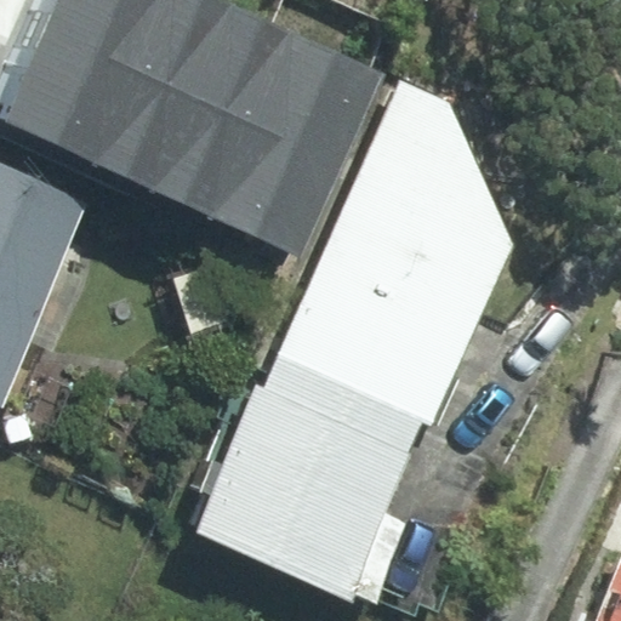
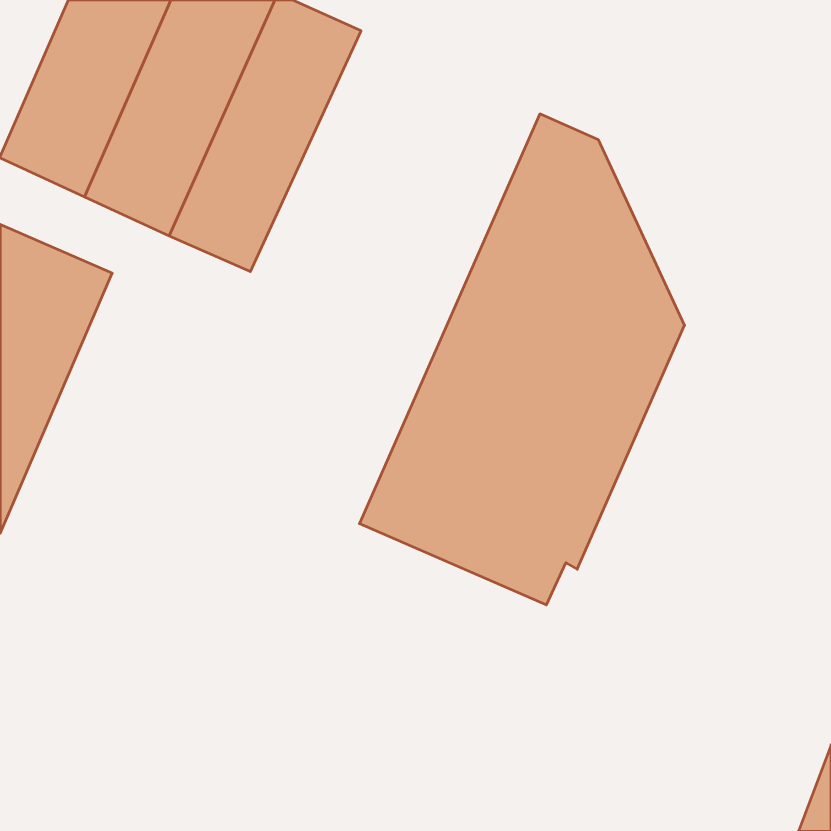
building: [187,23,366,246] -> none
building: [201,386,408,599] -> none

